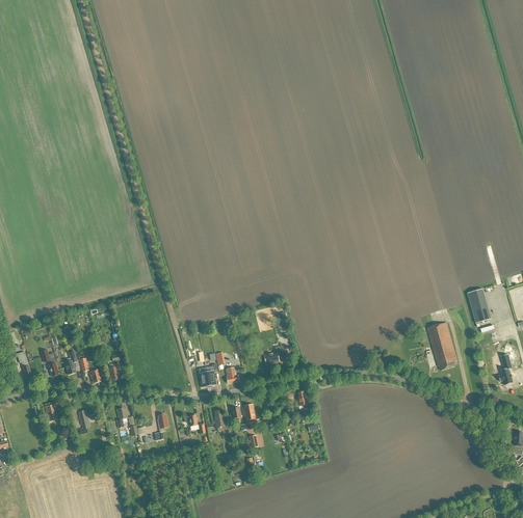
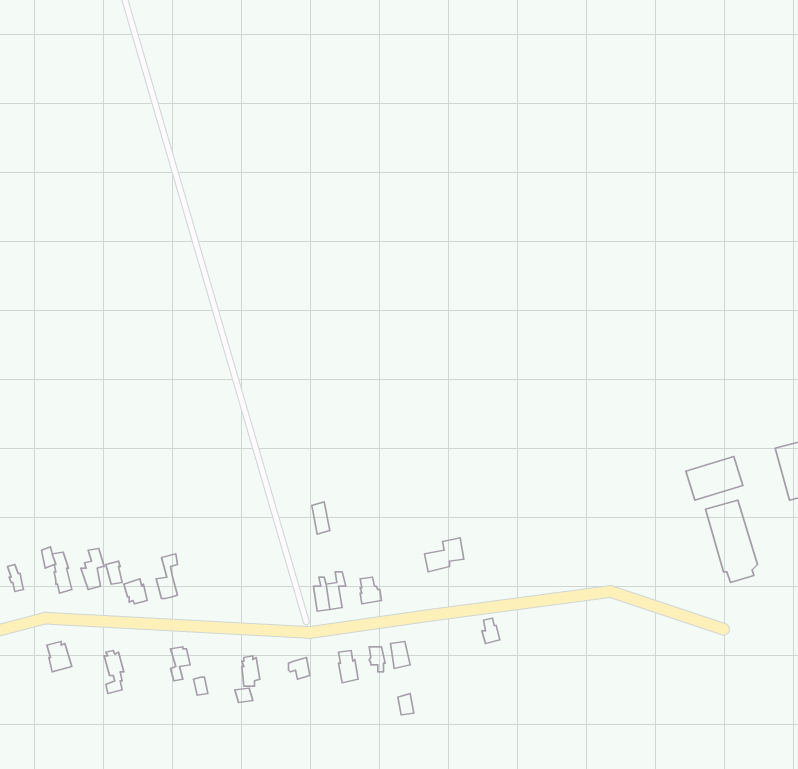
building: none -> [686,456,743,500]

